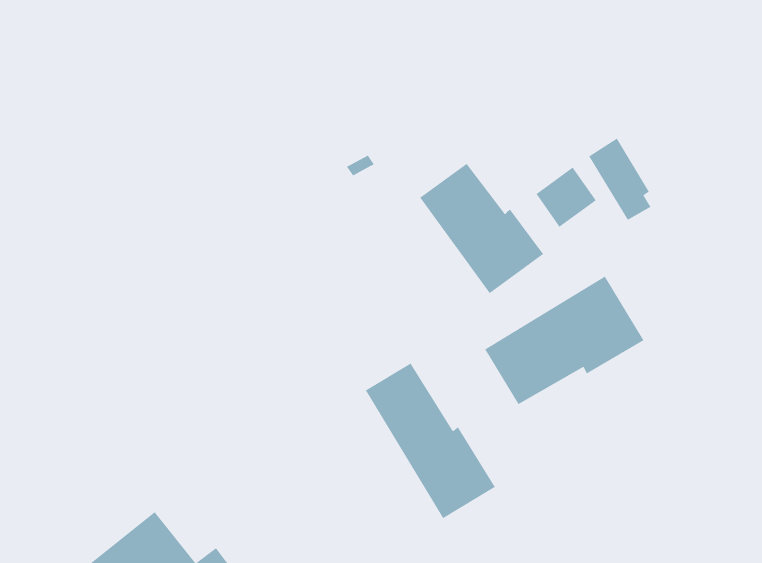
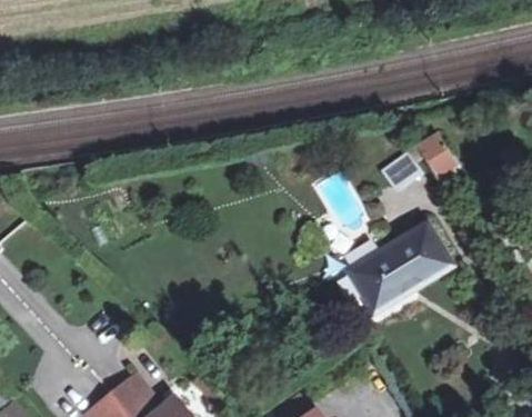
building: [419,163,544,294] -> none
building: [365,362,496,519] -> none

